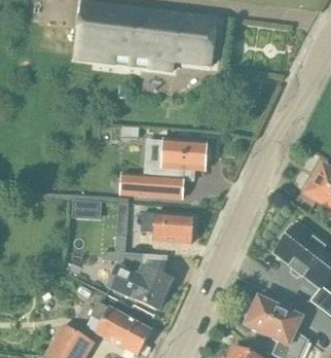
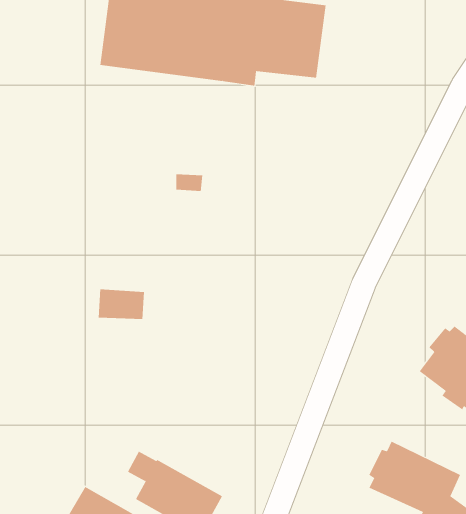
building: [119,139,211,200] -> none
building: [140,212,192,244] -> none
building: [103,236,171,310] -> none

